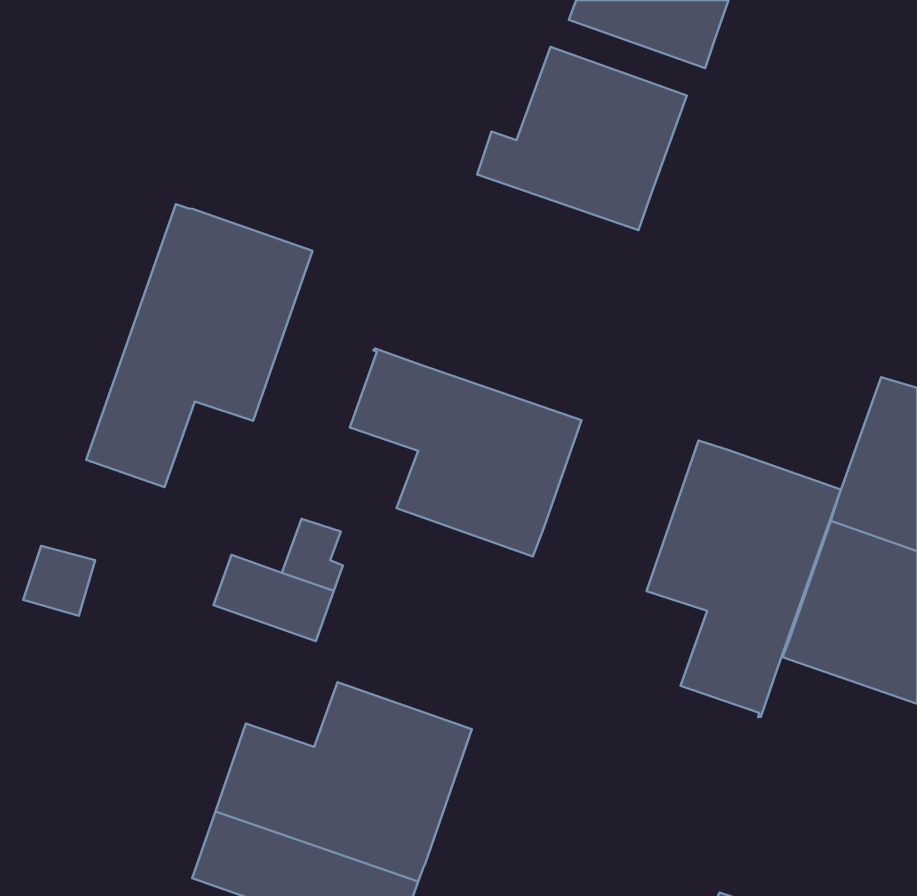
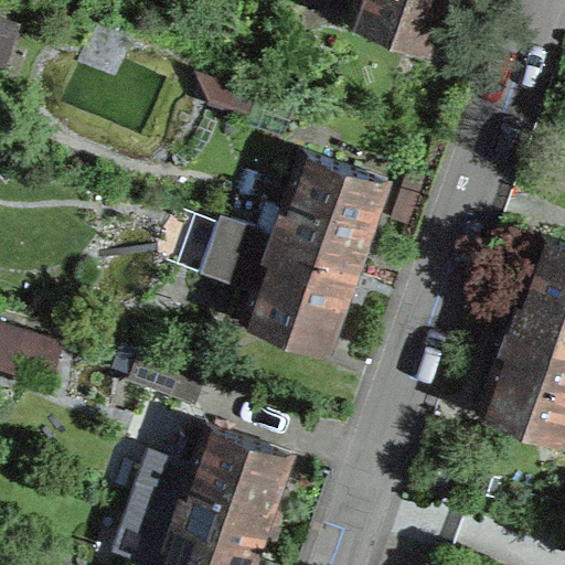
building: [477,47,687,230] -> [258,159,387,271]
building: [86,204,313,487] -> none
building: [646,440,841,717] -> none

